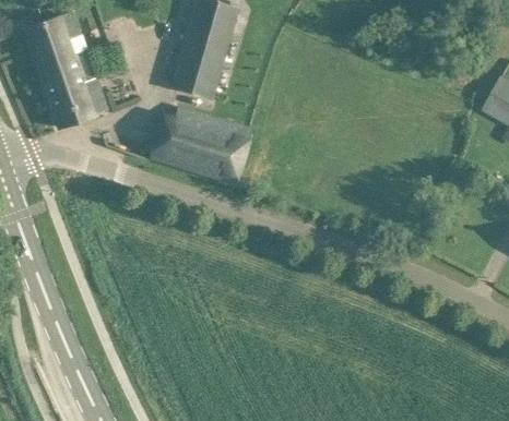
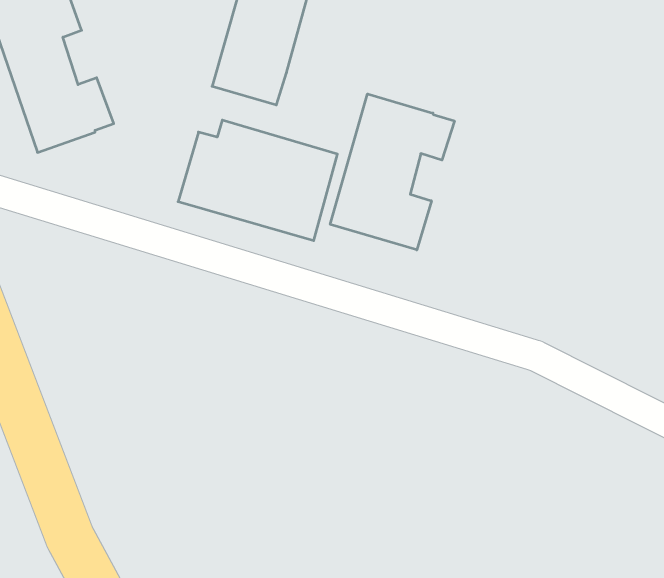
building: none -> [330,94,454,250]

